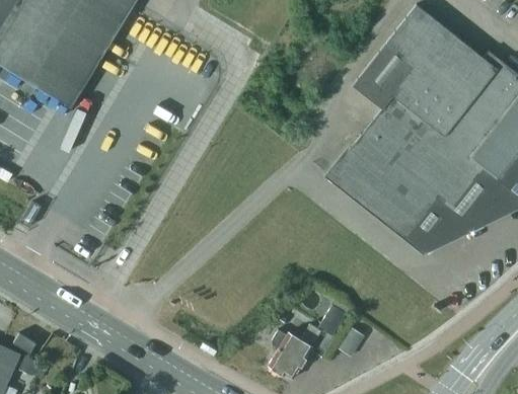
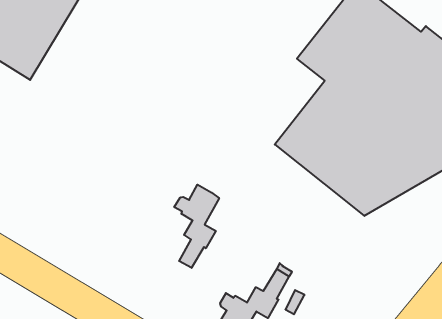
building: none -> [174,185,219,268]

